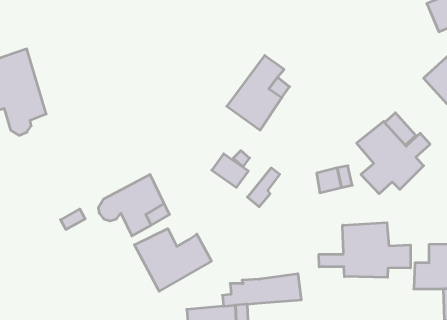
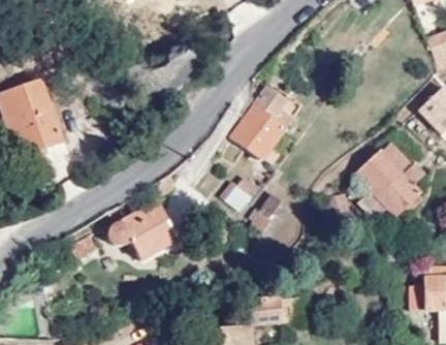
building: [319,223,410,277] -> none
building: [134,229,211,291] -> none

